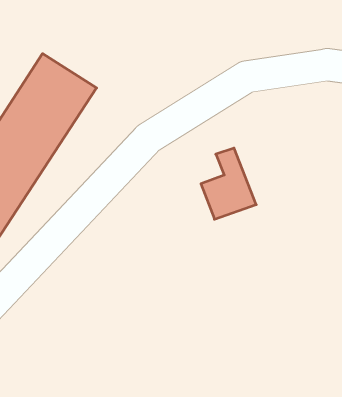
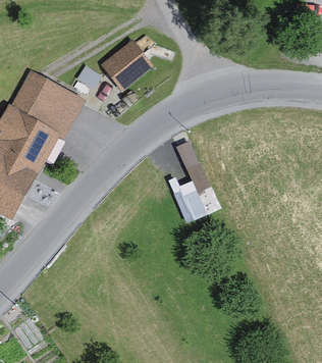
building: none -> [102,43,147,87]

